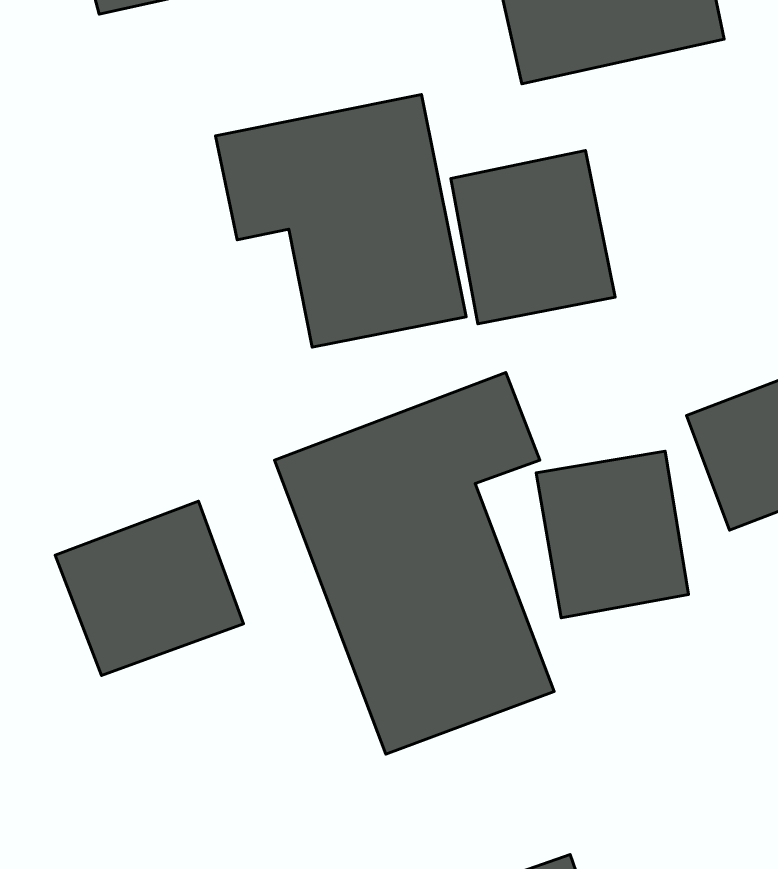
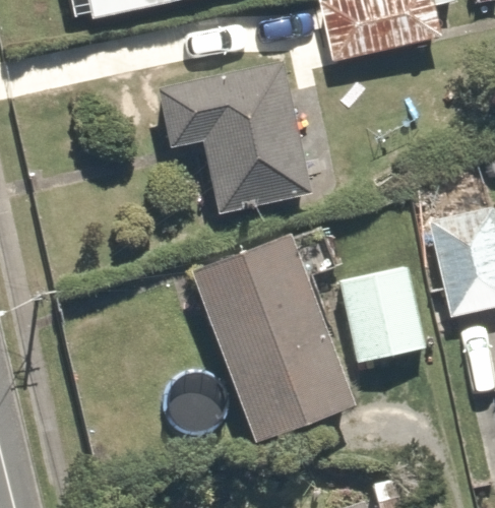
building: [451,151,615,324] -> none
building: [55,501,244,676] -> none

